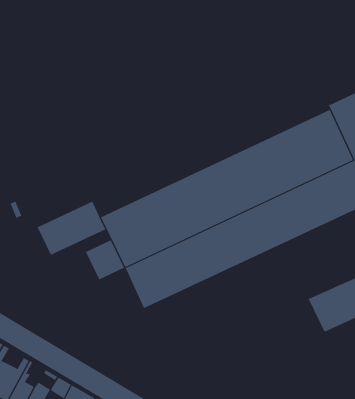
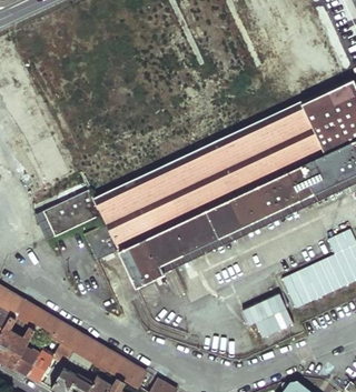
building: none -> [240,290,293,335]

